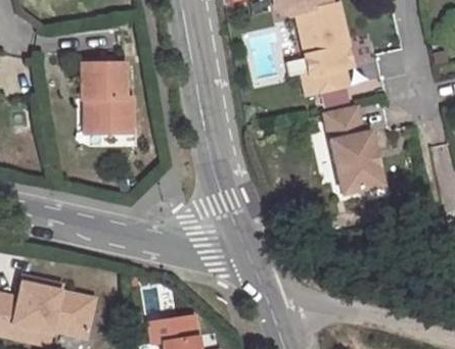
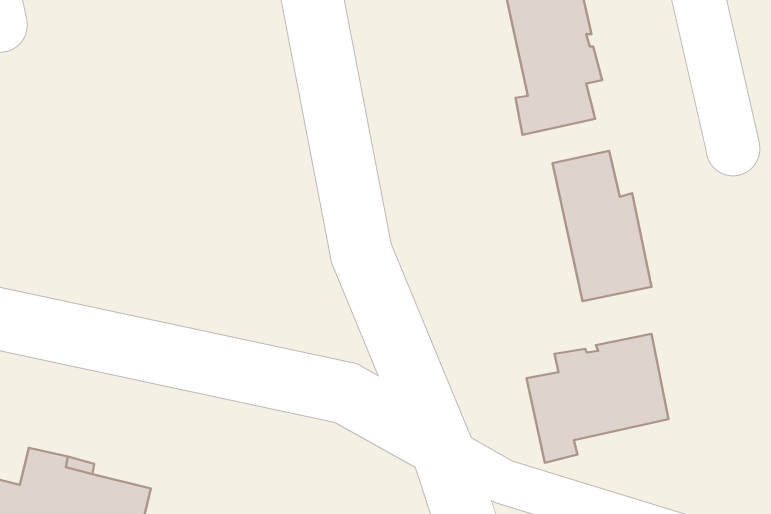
building: [83,62,132,133] -> none
building: none -> [526,334,669,463]

